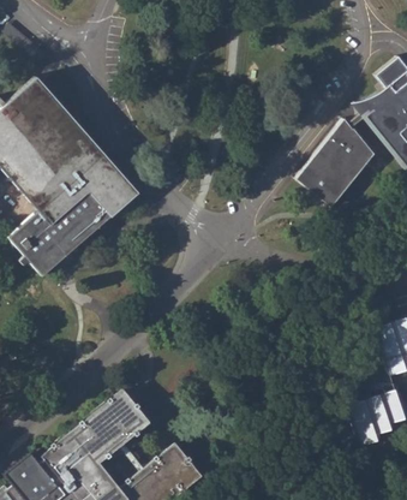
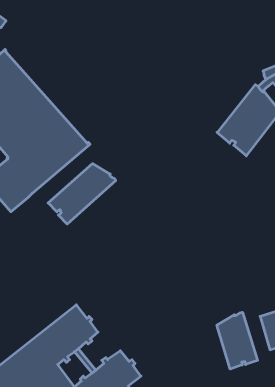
building: none -> [48,164,116,224]
building: none -> [217,312,258,369]

